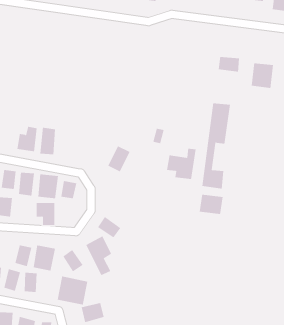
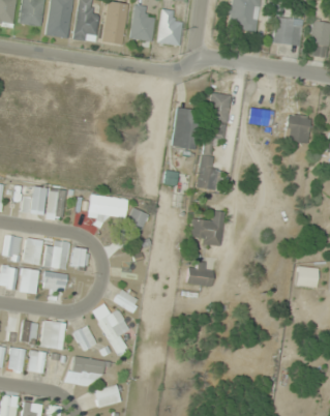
building: none -> [172,108,200,150]
building: [201,103,231,189] -> [198,93,231,190]
building: none -> [88,194,128,219]
building: [199,194,224,214] -> [186,264,214,287]
building: none -> [297,267,318,288]
building: none -> [20,268,38,294]

